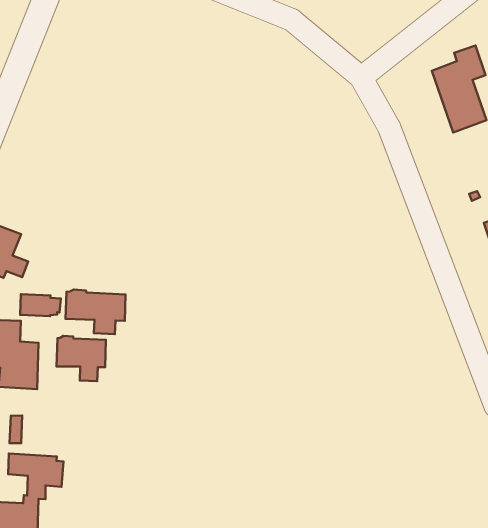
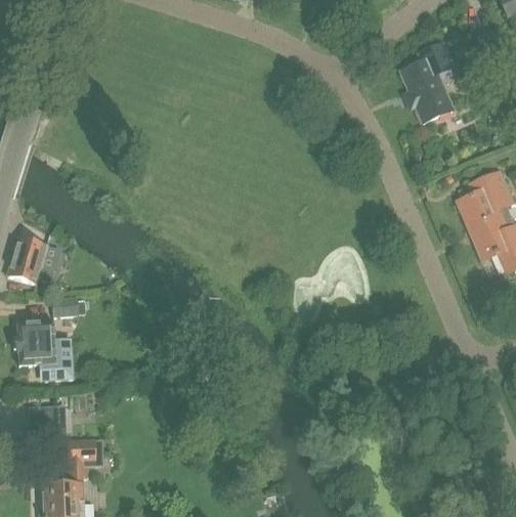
building: [65,290,126,334] -> none
building: [57,336,106,381] -> none

